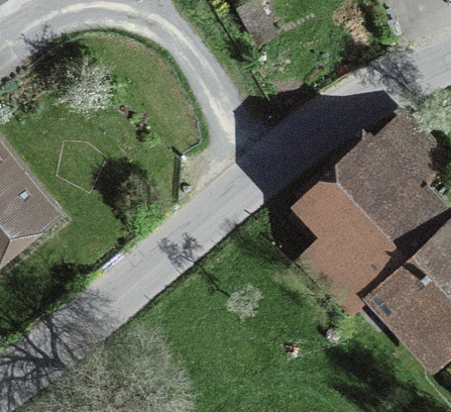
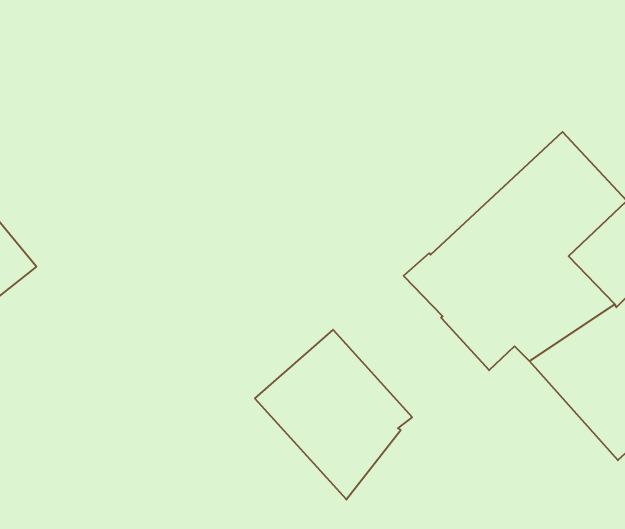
building: none -> [255,330,412,500]

